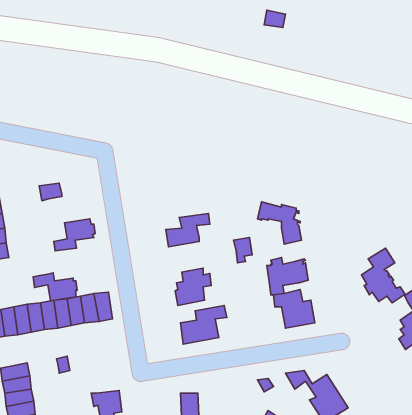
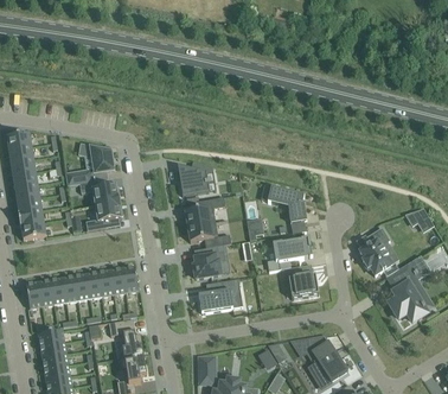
building: none -> [78,142,113,172]
building: none -> [177,160,212,195]
building: none -> [187,221,230,247]
building: [33,273,77,301] -> [79,179,119,204]
building: none -> [108,318,143,356]

